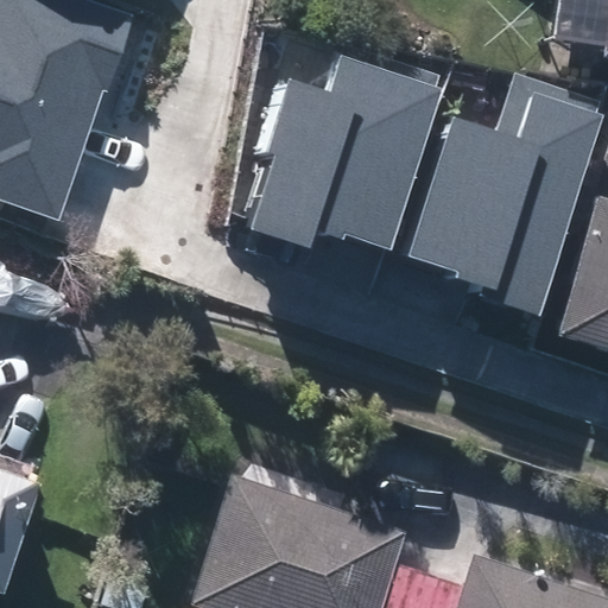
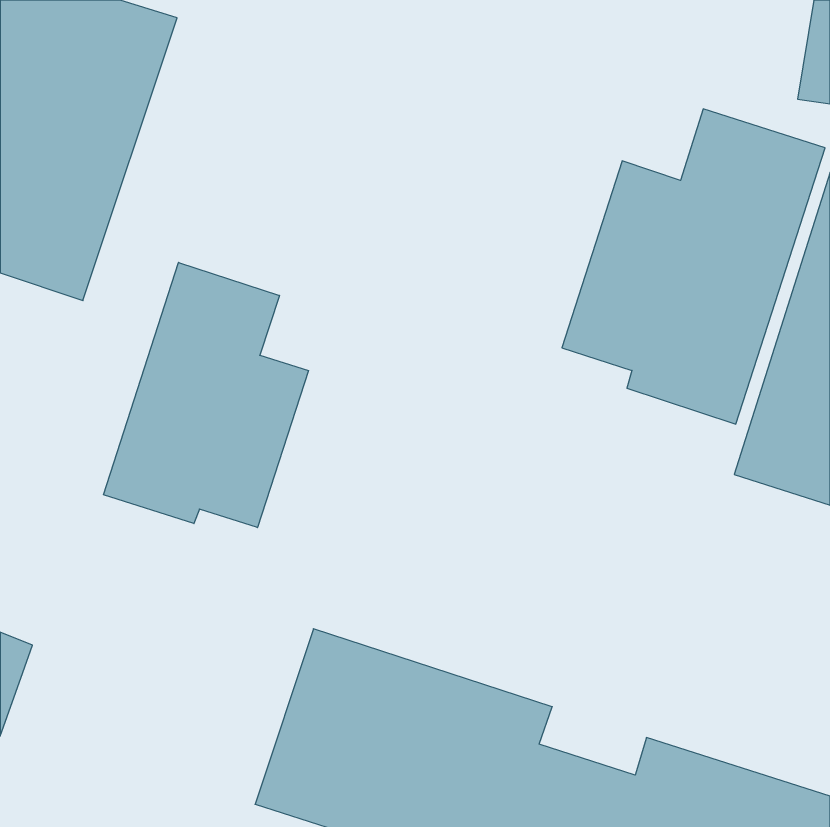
building: [253,58,444,251] -> none
building: none -> [103,262,308,528]

